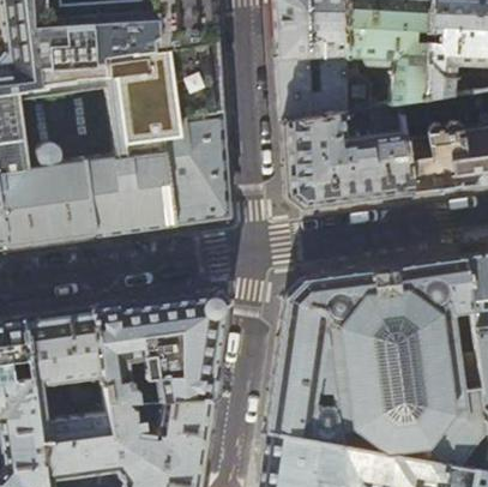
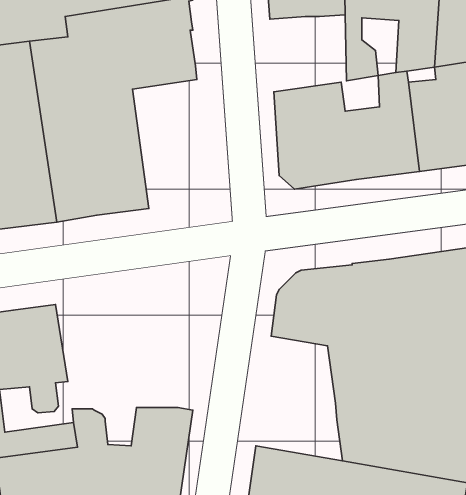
building: [276,59,343,126] -> none
building: [156,115,225,228] -> none
building: [89,294,223,404] -> none
building: [264,339,339,449] -> none

